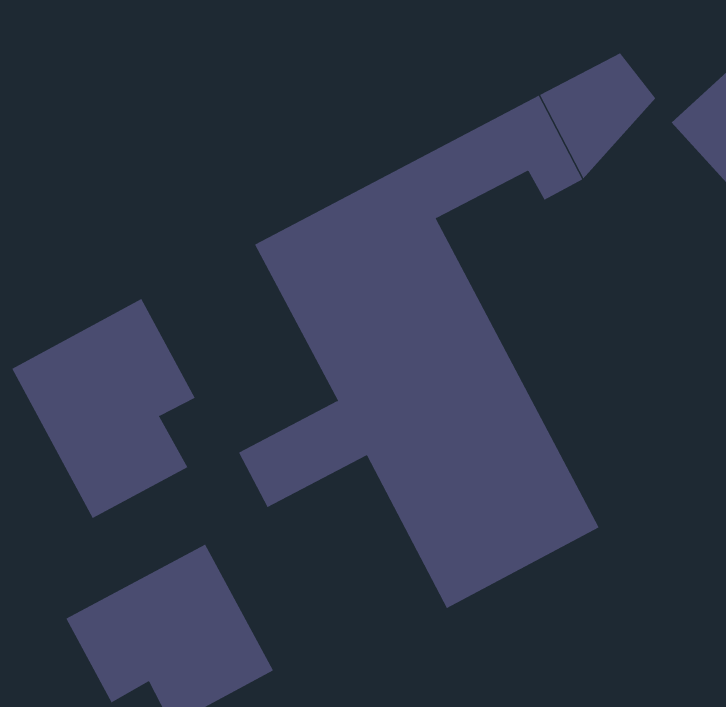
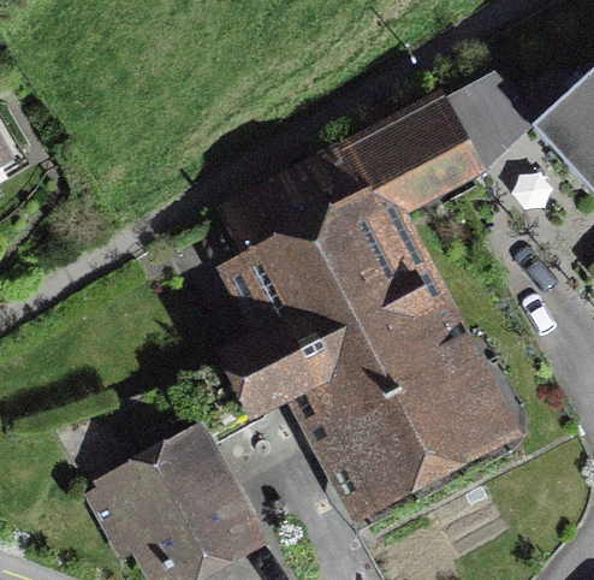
building: [12,298,195,519] -> none

